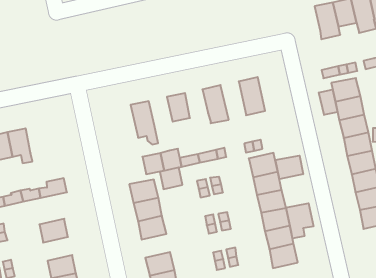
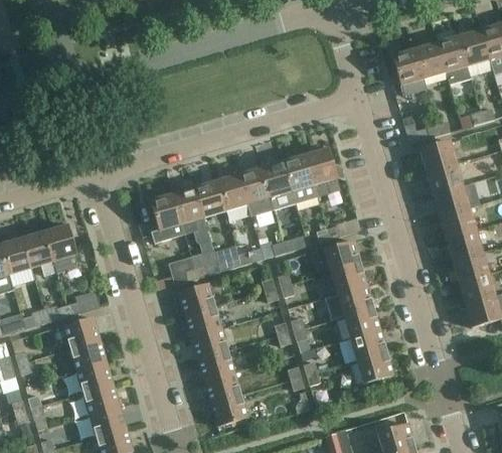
building: none -> [282,155,316,203]
building: none -> [238,168,273,212]
building: [319,90,338,115] -> none
building: none -> [194,180,225,217]
building: none -> [149,193,184,244]
building: none -> [44,224,78,273]
building: [276,156,303,179] -> none
building: [160,167,182,189] -> [168,257,197,285]
building: none -> [62,317,100,349]
building: [286,203,313,239] -> none
building: none -> [197,350,233,382]
building: none -> [75,362,113,394]

